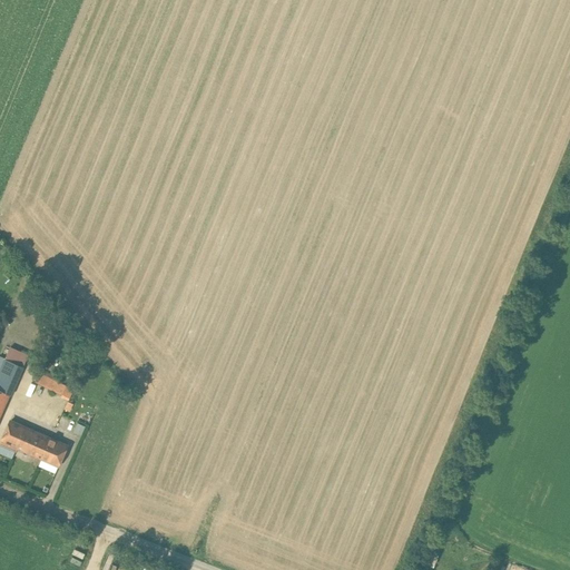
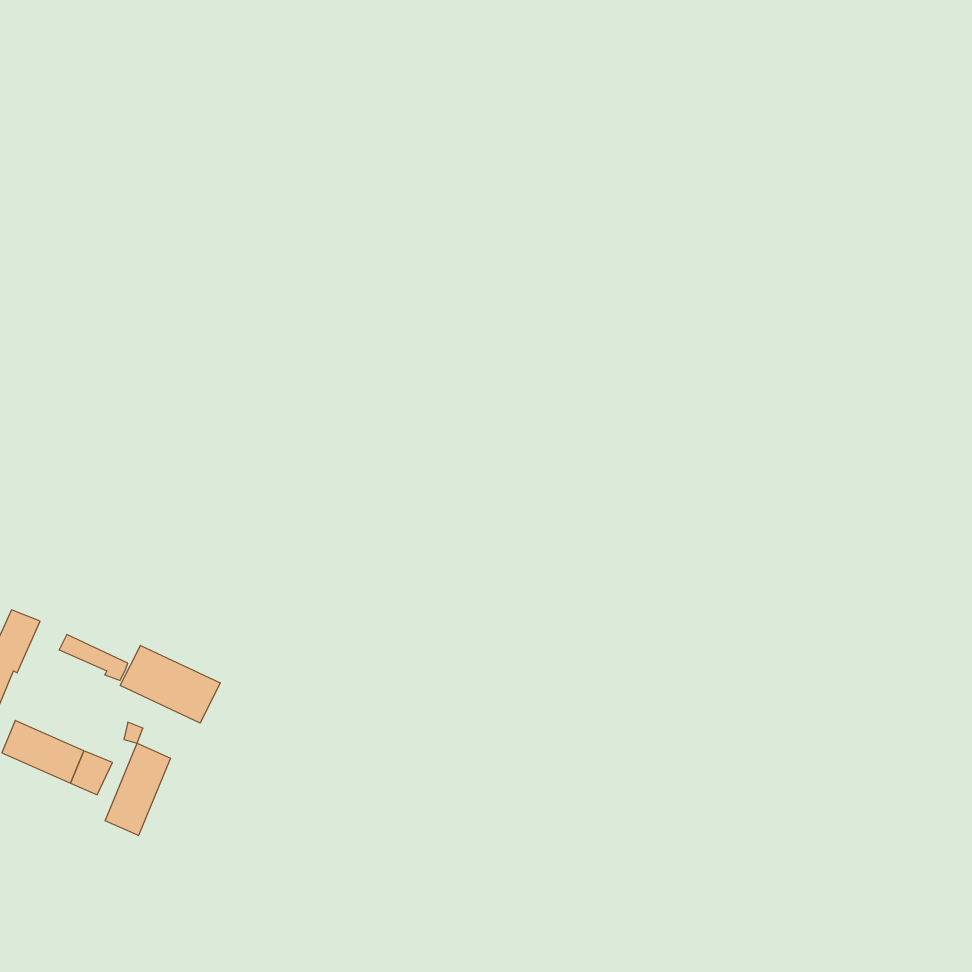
building: none -> [120,645,220,723]
building: none -> [105,743,170,836]

